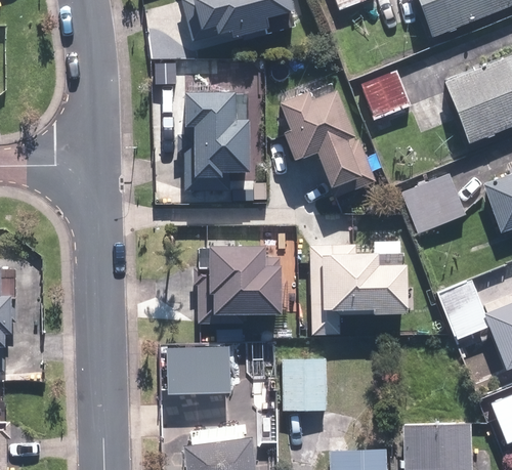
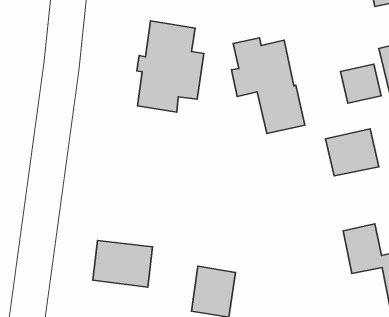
building: [361,71,412,119] -> [340,64,381,103]
building: [309,245,408,336] -> none
building: [198,247,280,324] -> none

